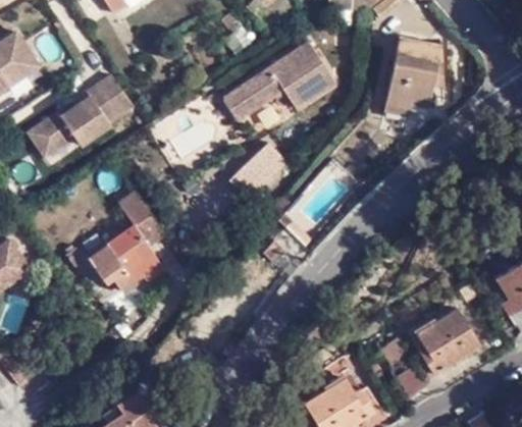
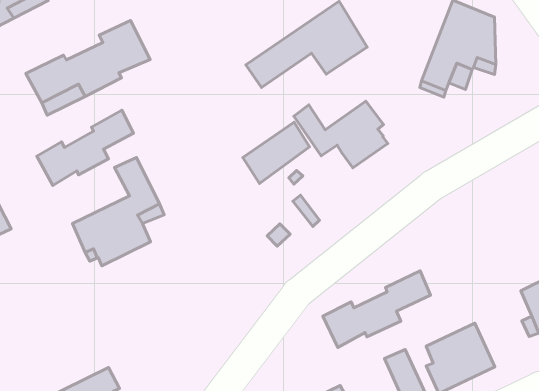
building: none -> [294,101,388,168]
building: none -> [37,110,133,186]
building: none -> [323,271,430,347]

